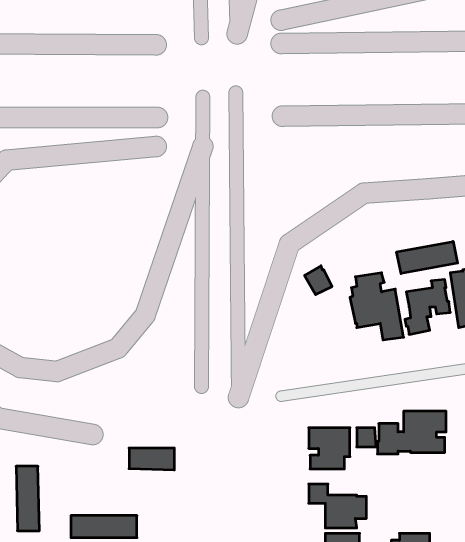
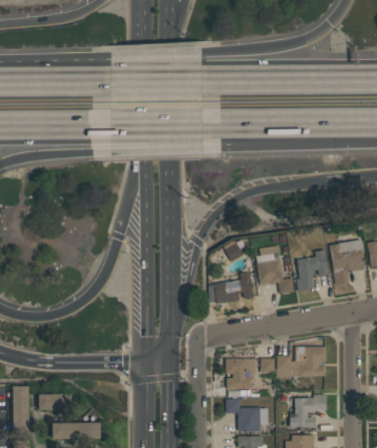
building: [397,241,458,274] -> none
building: none -> [214,274,257,304]
building: [129,448,174,470] -> [38,395,71,411]
building: none -> [290,395,326,428]

